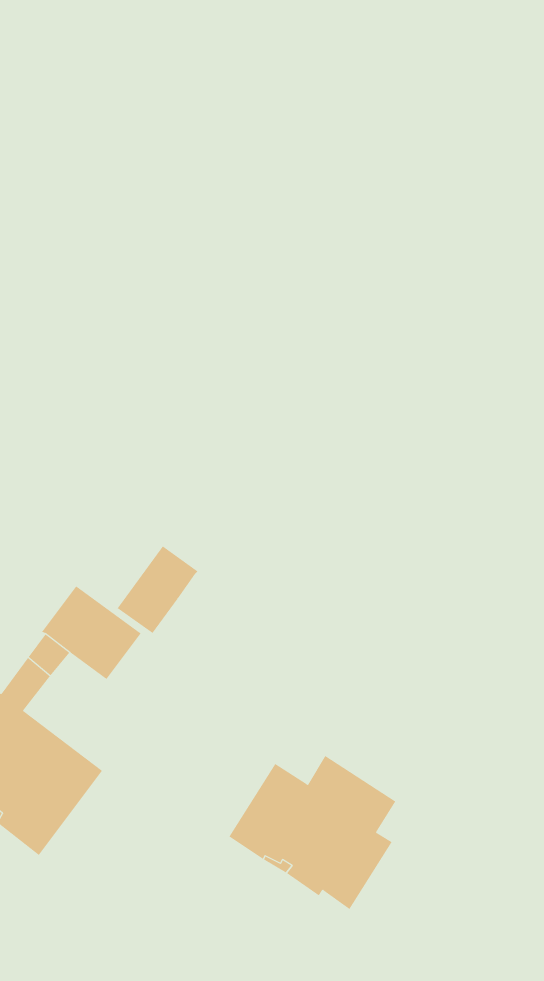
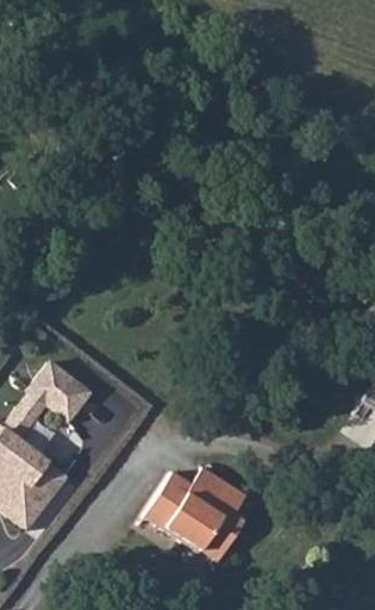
building: [117,546,199,634] -> none

